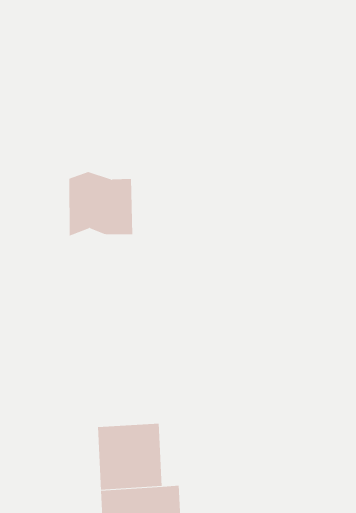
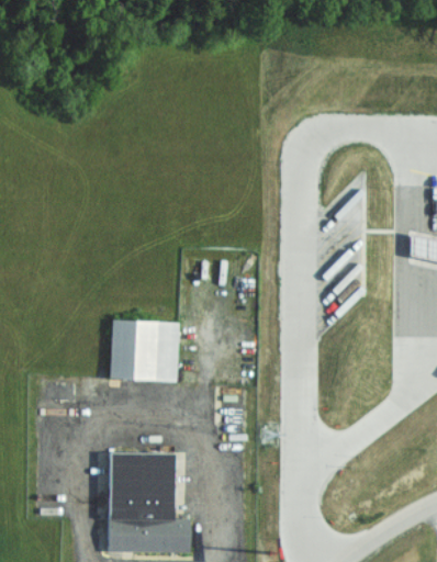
building: [68,171,133,237] -> [111,316,180,384]

